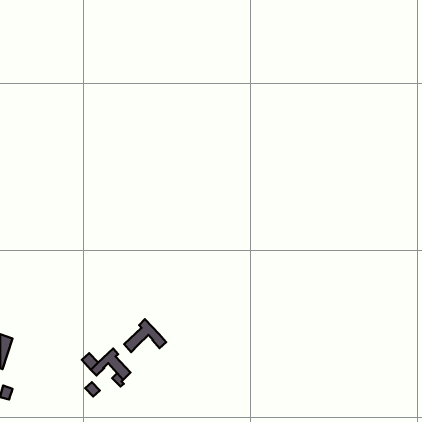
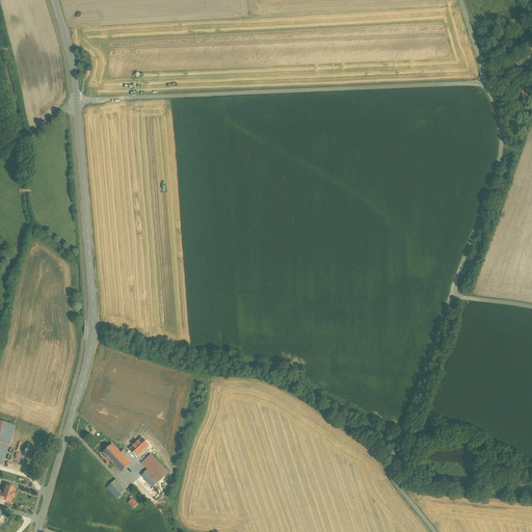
building: [124,319,166,352] -> none

